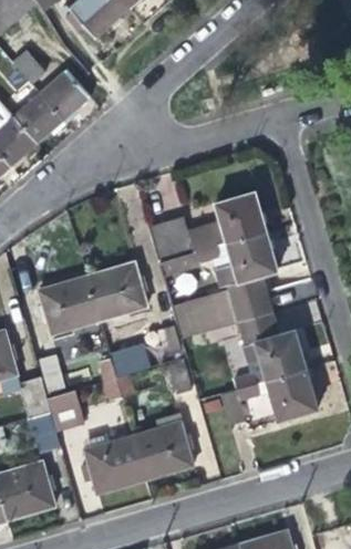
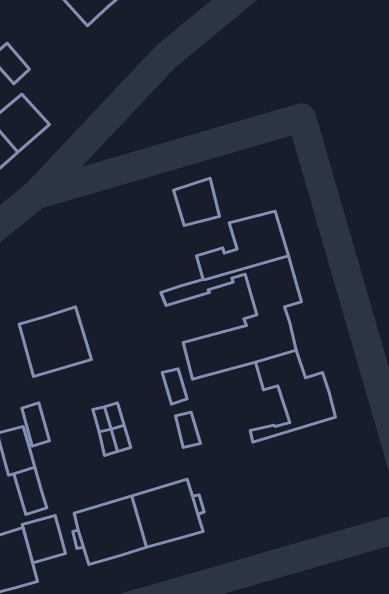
building: [40,71,90,121] -> none
building: [152,217,190,257] -> [173,178,219,226]
building: [85,261,146,319] -> none
building: [218,367,317,423] -> none
building: [48,390,84,429] -> [22,515,66,563]

